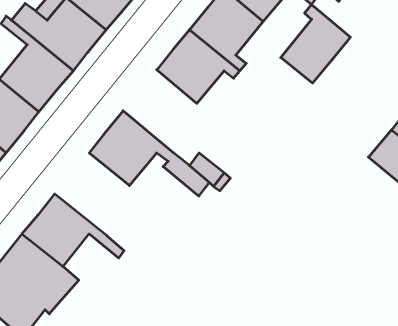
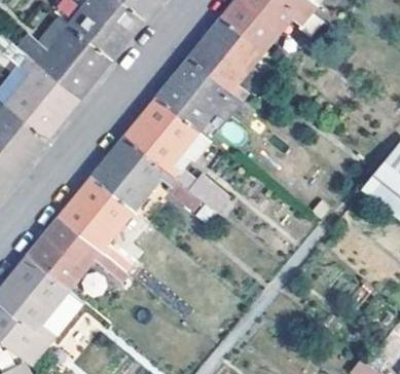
building: [281,5,350,83] -> none
building: none -> [125,98,211,179]
building: none -> [59,179,132,272]

